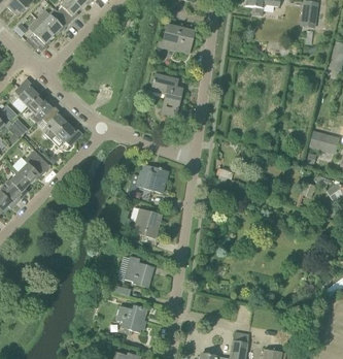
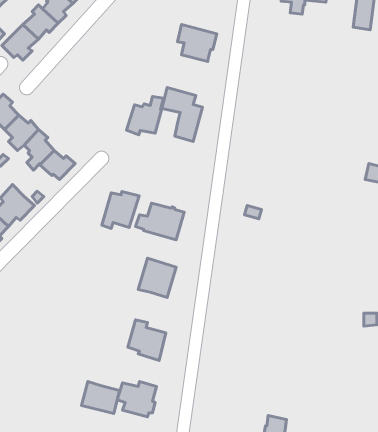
building: none -> [127,96,164,135]
building: none -> [102,192,139,229]
building: none -> [81,382,120,414]

